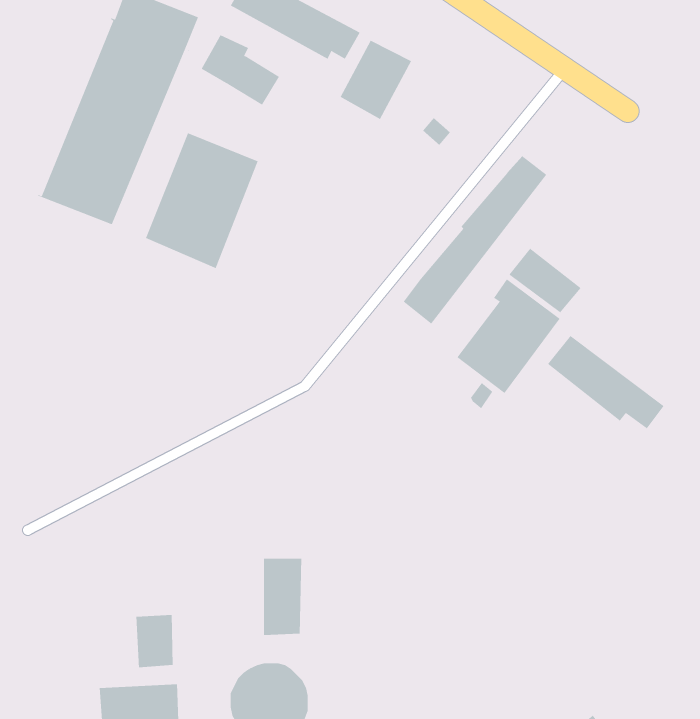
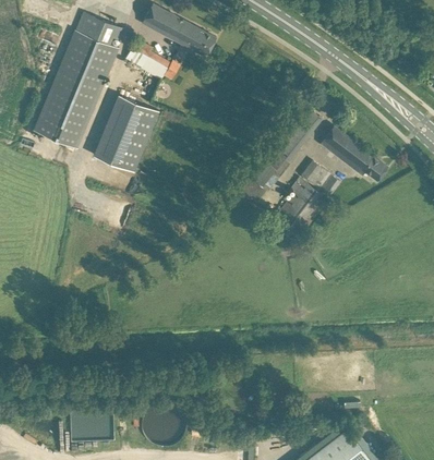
building: [340,40,412,120] -> none
building: [547,335,665,429] -> [321,126,387,180]
building: [263,558,302,636] -> none
building: [136,614,173,668] -> none

